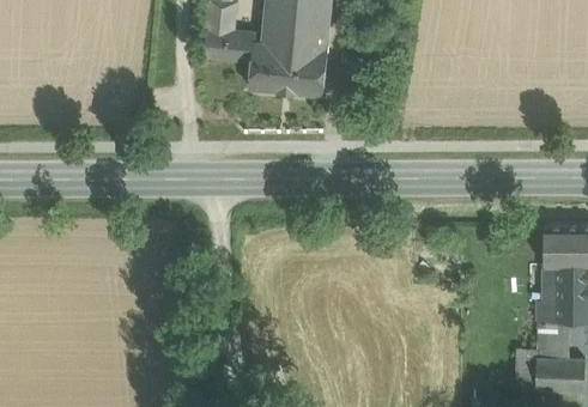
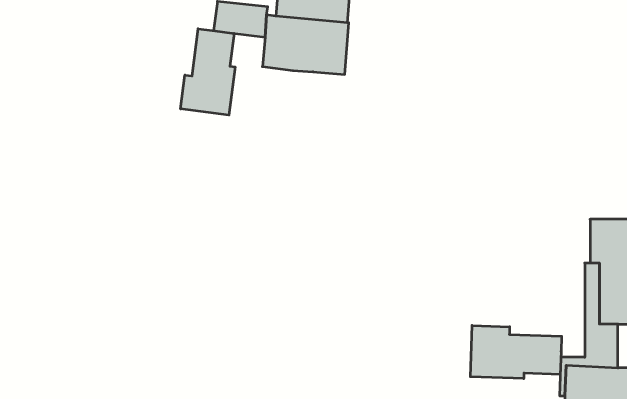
building: none -> [181,29,235,115]
building: none -> [470,325,562,379]

